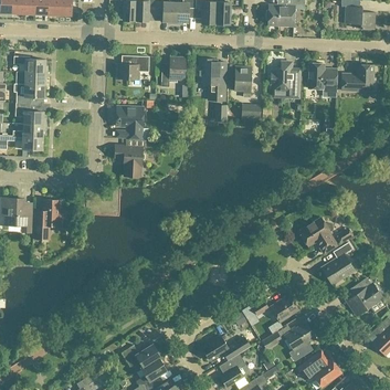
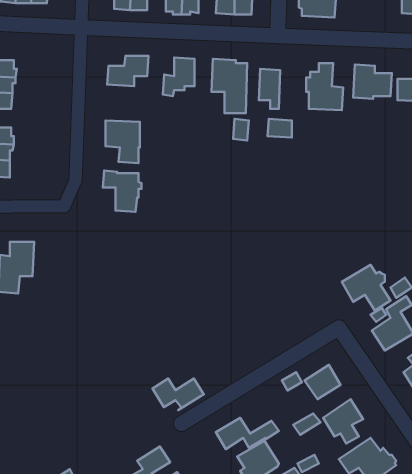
building: [120,344,160,368] -> [152,379,204,410]

